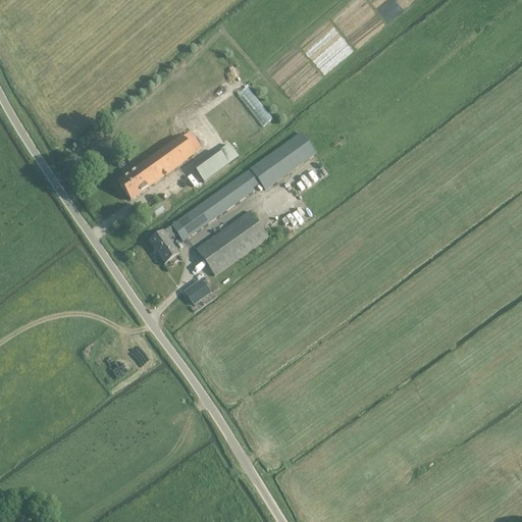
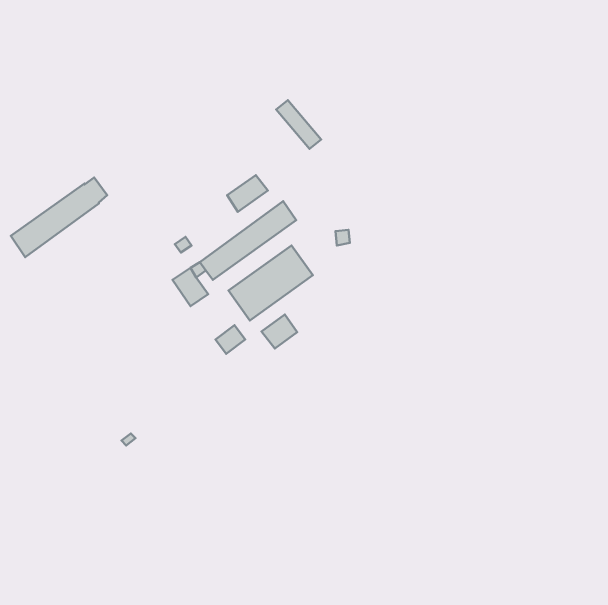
building: [118,130,201,199] -> [11,177,107,257]
building: [250,130,315,188] -> none
building: none -> [261,314,297,349]

